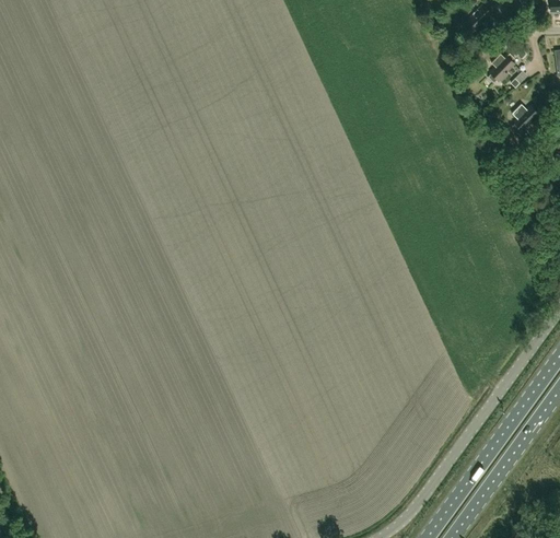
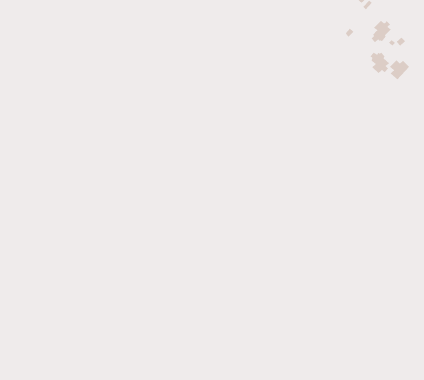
building: none -> [369,52,390,74]

